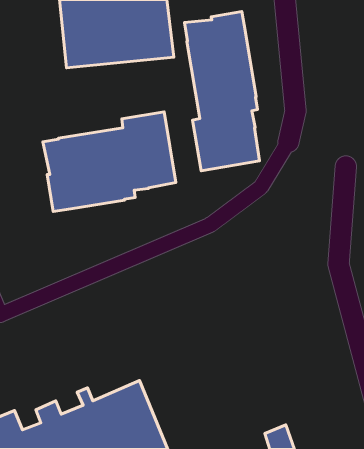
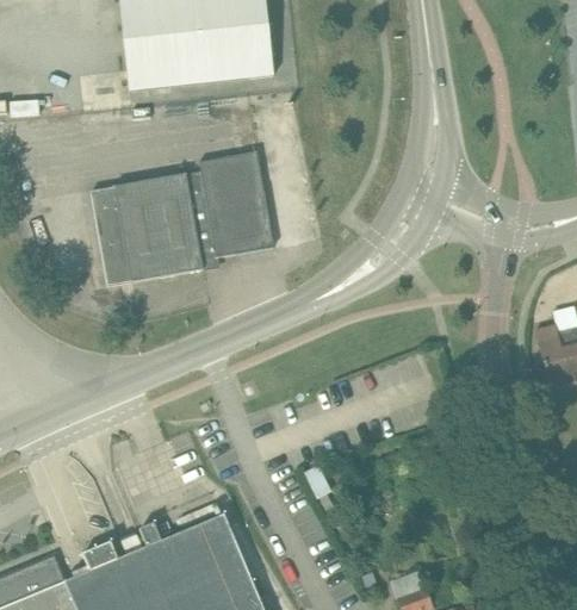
building: [184,12,259,171] -> none

